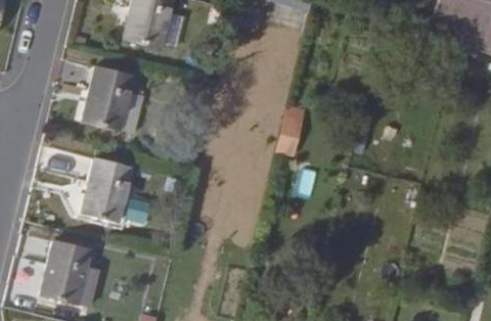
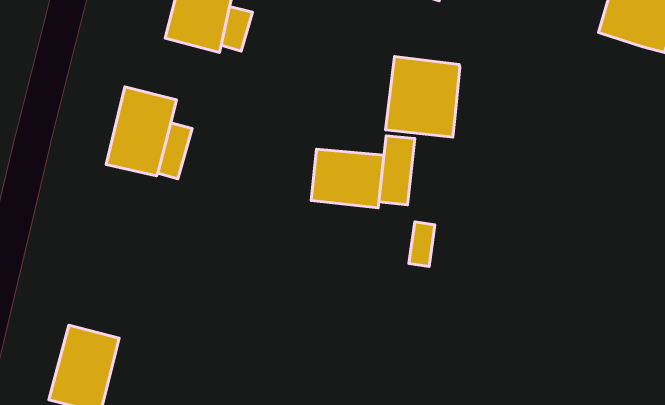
building: none -> [386,57,460,137]
building: none -> [311,149,384,208]
building: [81,160,128,225] -> none

